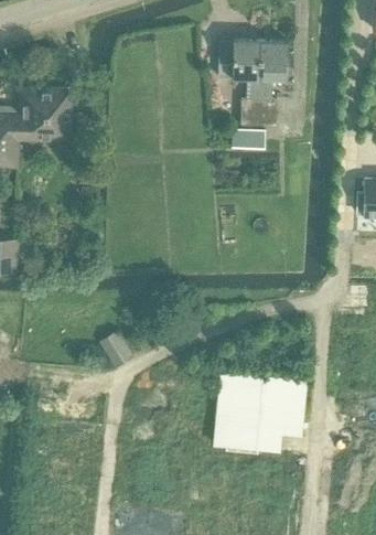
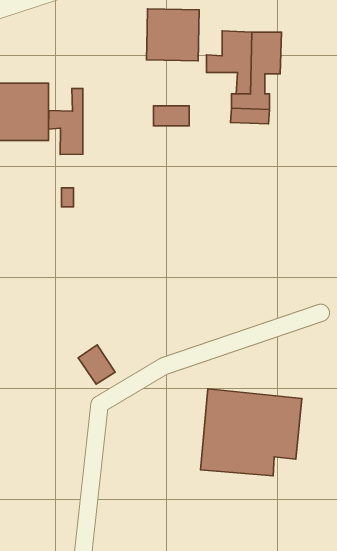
building: none -> [147,9,199,61]
building: none -> [49,88,83,155]
building: [232,130,265,149] -> [154,106,189,126]

